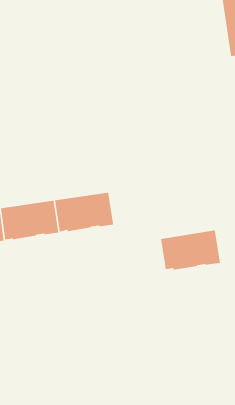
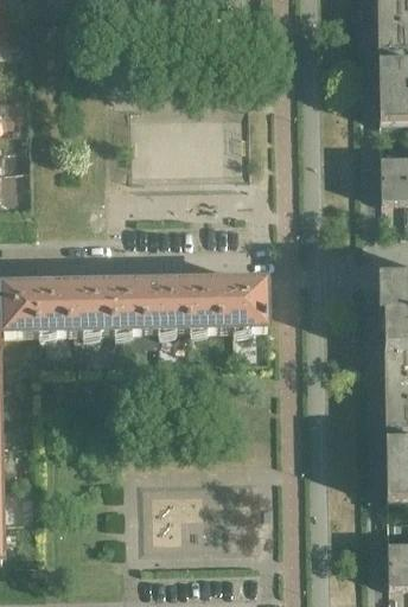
building: [160,229,221,272] -> [187,279,266,328]

